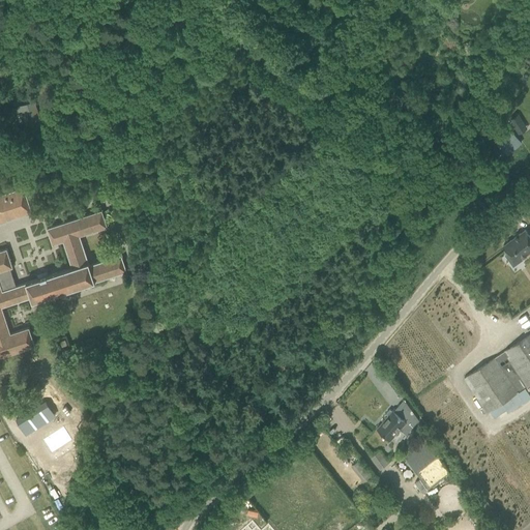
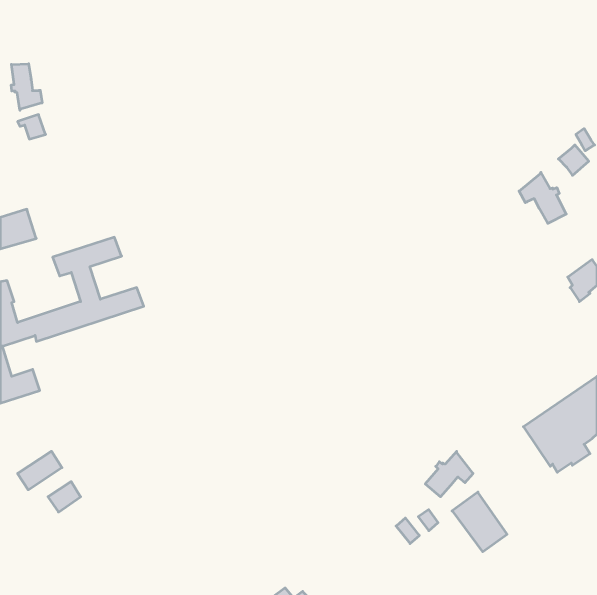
building: none -> [11,64,42,110]
building: none -> [519,172,566,223]

